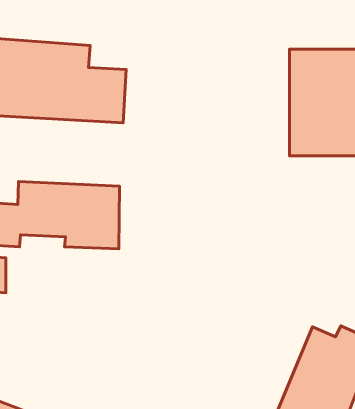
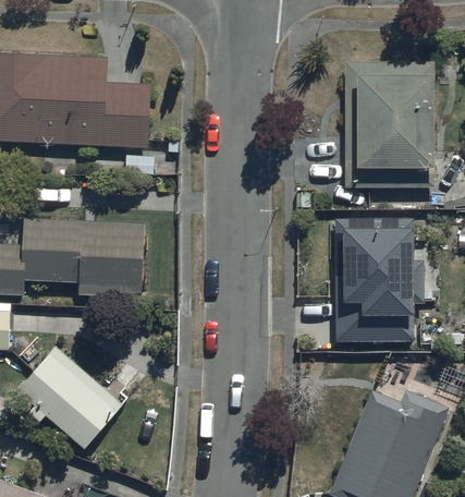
building: none -> [335,217,415,341]
building: none -> [17,344,123,448]

